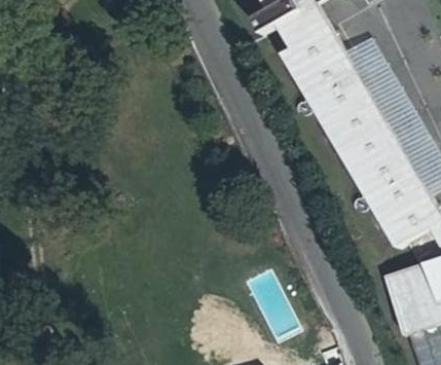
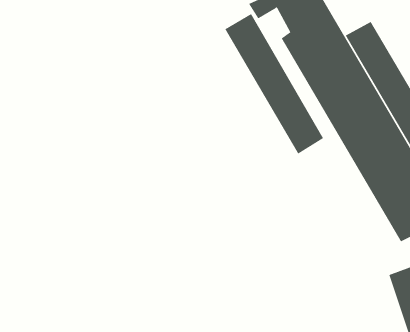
building: none -> [224,13,324,155]

